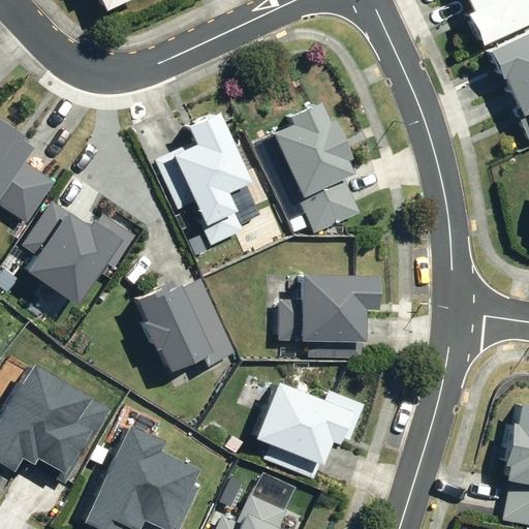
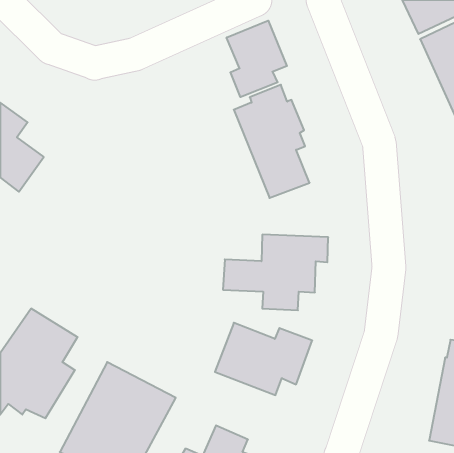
building: none -> [227,21,287,97]
building: [153,112,253,247] -> none
building: [18,201,131,310] -> none
building: [128,278,232,375] -> none

